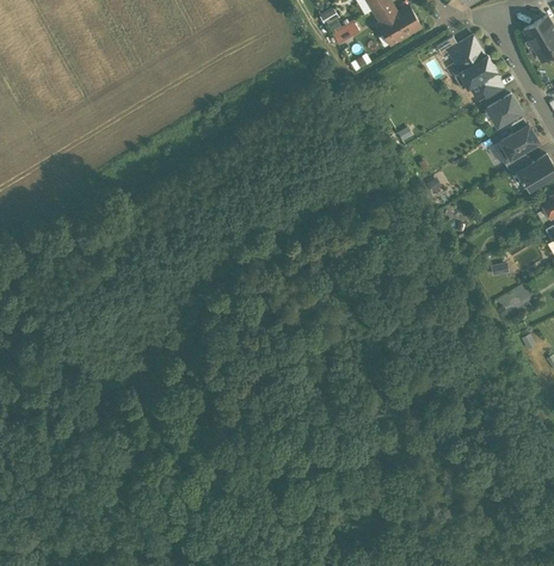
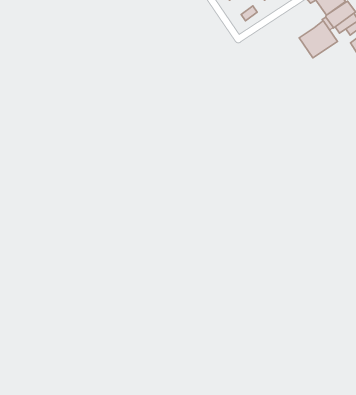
building: none -> [299,21,337,58]

